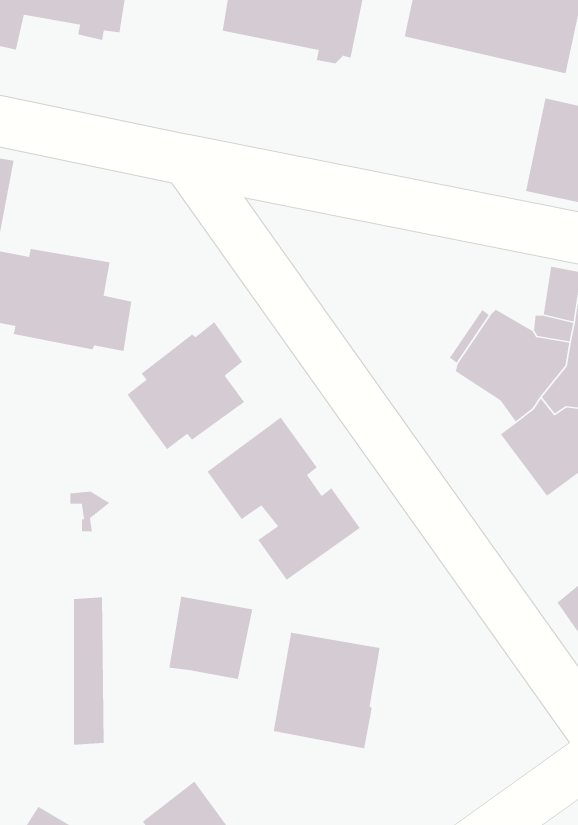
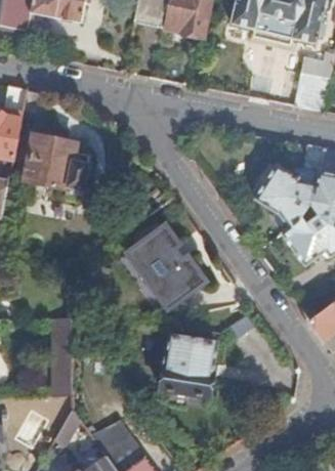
building: [127,321,245,450] -> none
building: [168,596,253,680] -> none

